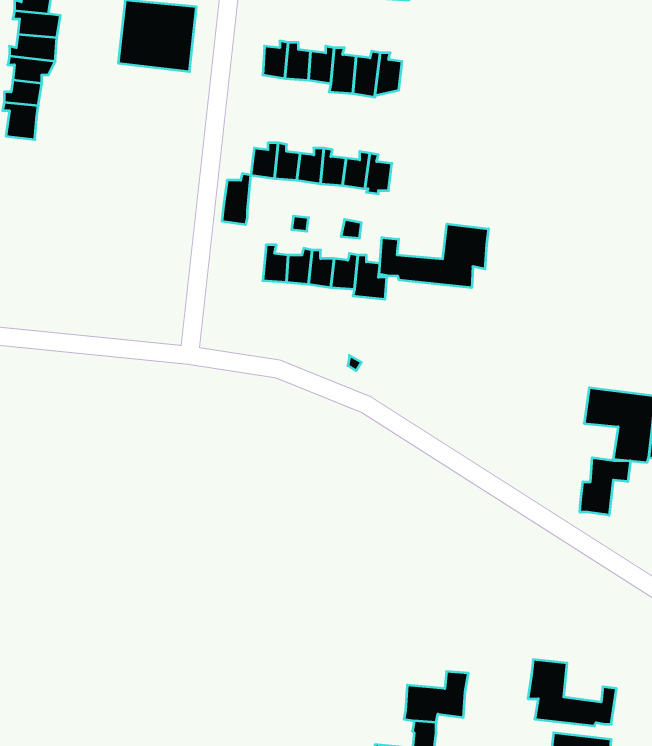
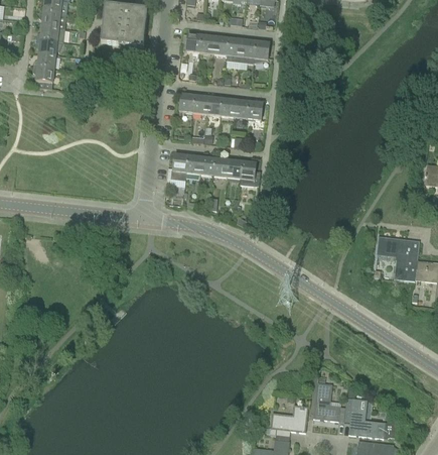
building: [222,174,251,225] -> [170,150,187,181]
building: [379,224,488,288] -> none
building: [580,458,630,515] -> none
building: none -> [311,382,344,421]

